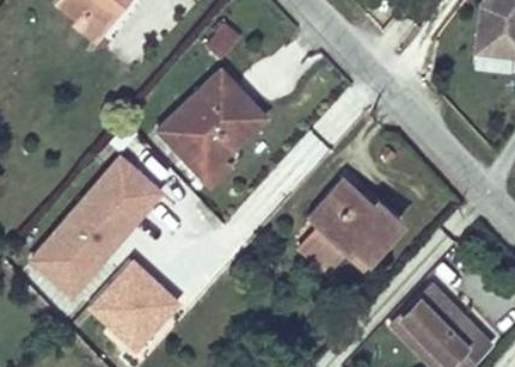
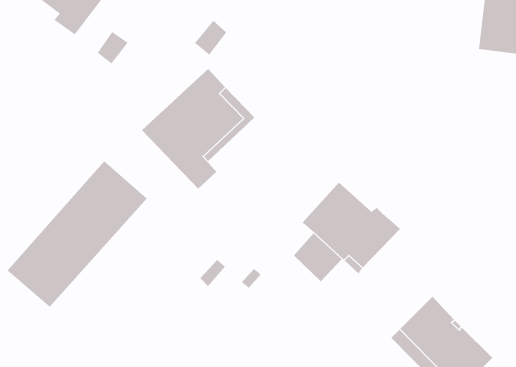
building: [92,262,174,345] -> none

